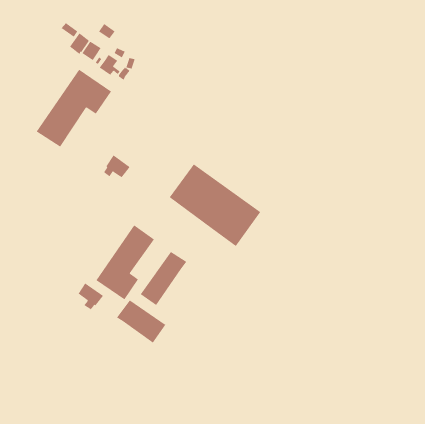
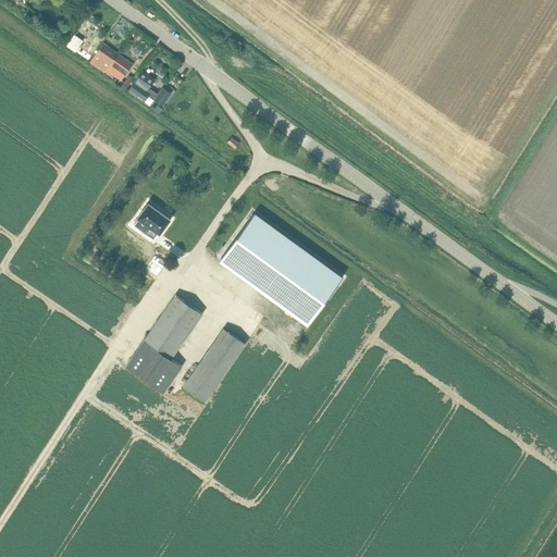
building: [36,69,112,148] -> none
building: [78,283,104,310] -> none
building: [116,300,166,344] -> none

